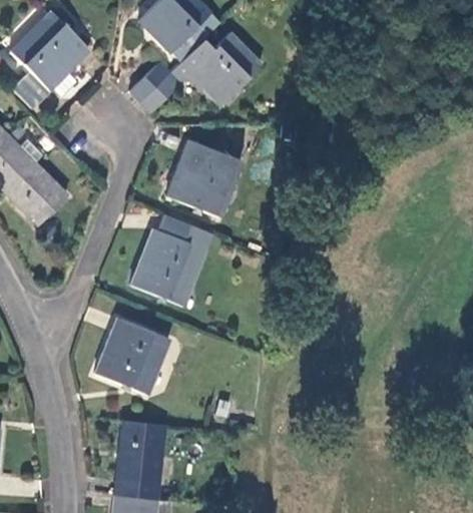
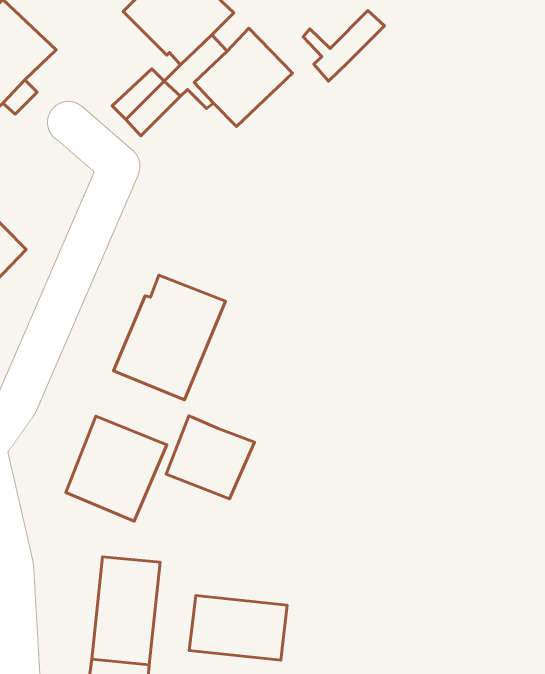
building: none -> [303,10,384,81]
building: [167,139,243,217] -> none
building: none -> [166,416,254,499]
building: none -> [189,596,287,660]

